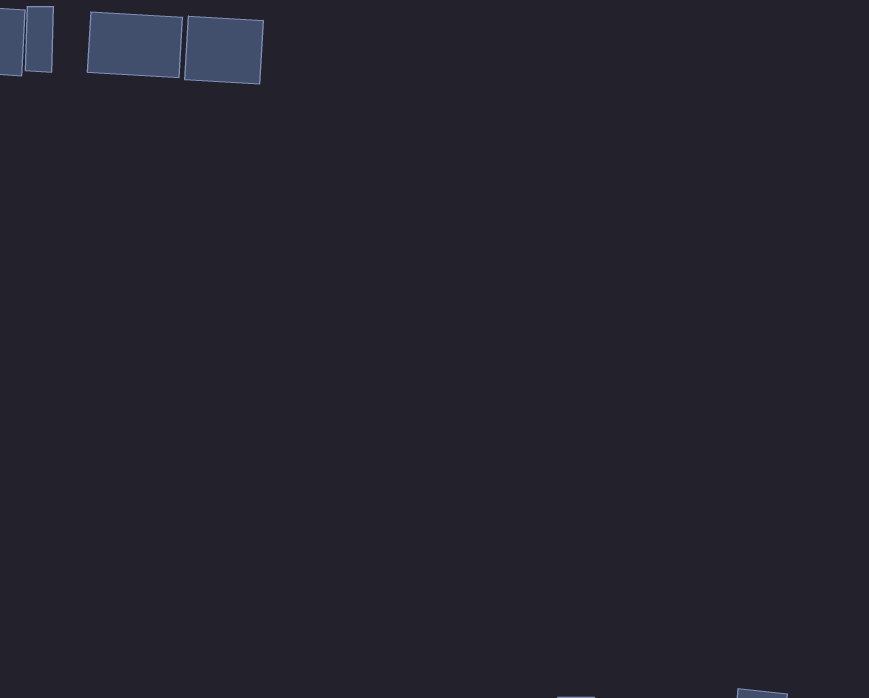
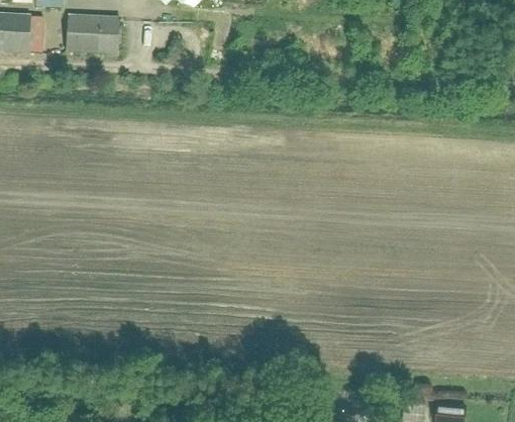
building: [185,16,263,84] -> none

